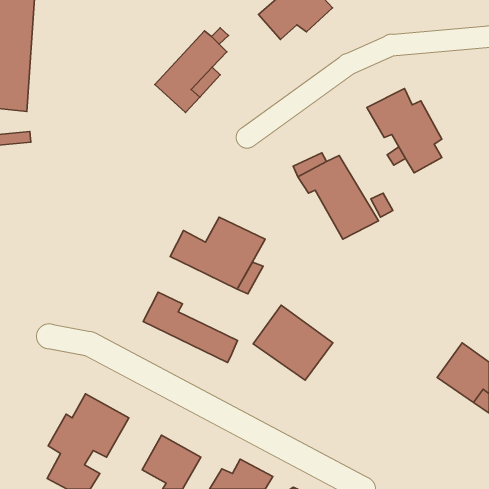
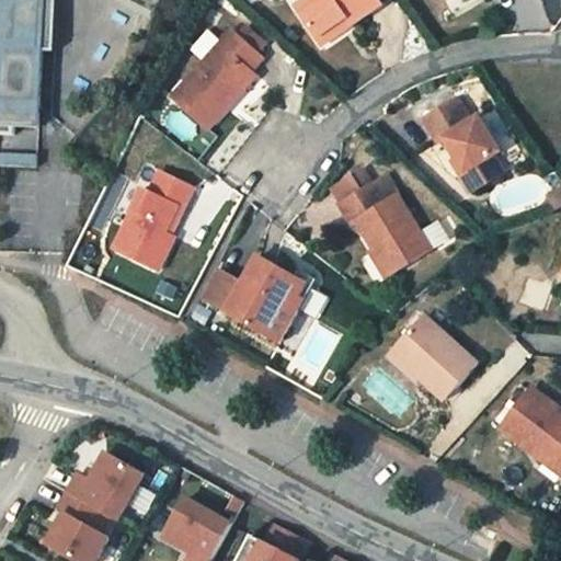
building: none -> [105,169,184,261]
building: [143,292,238,362] -> none
building: [253,305,333,380] -> [388,320,479,405]

